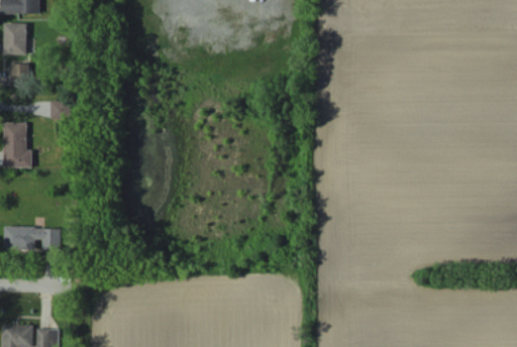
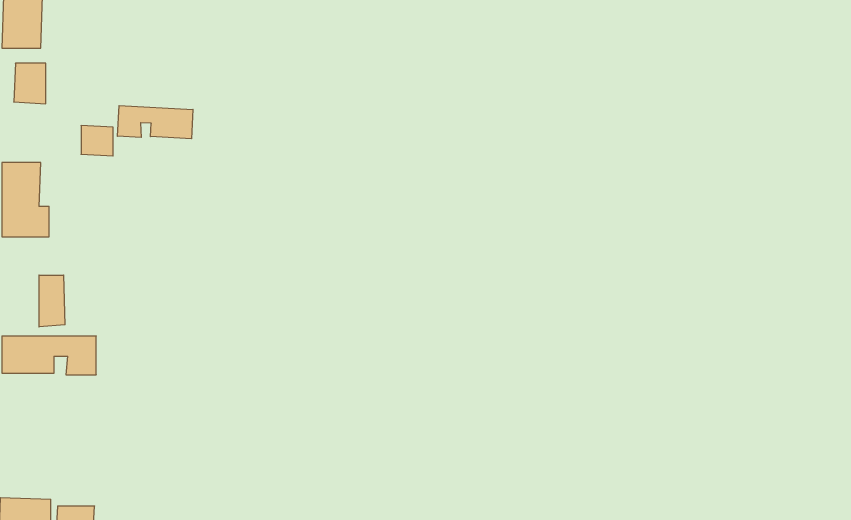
building: none -> [117,106,193,139]
building: none -> [39,275,65,327]

